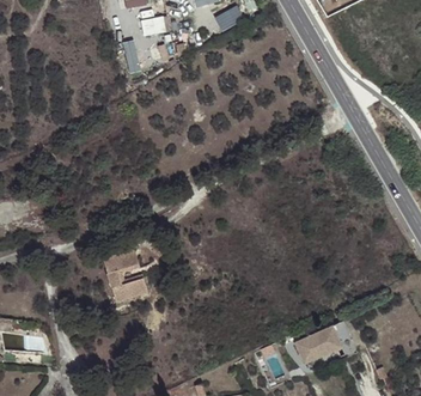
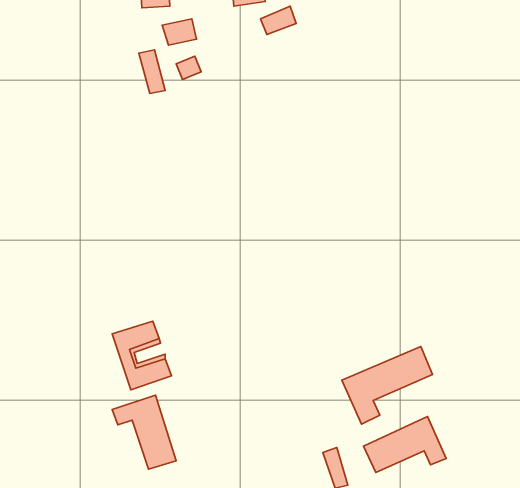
building: none -> [342,346,433,424]
building: none -> [112,395,176,469]

